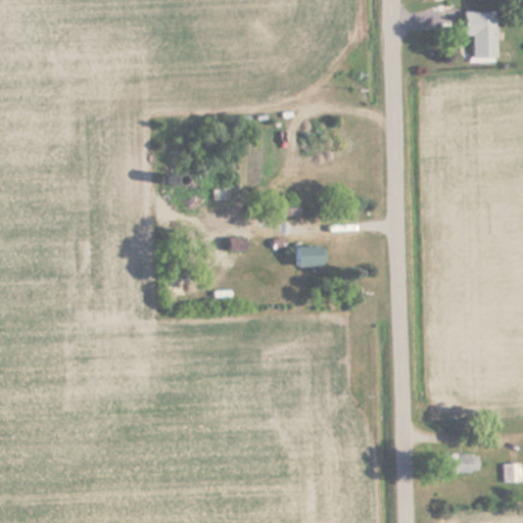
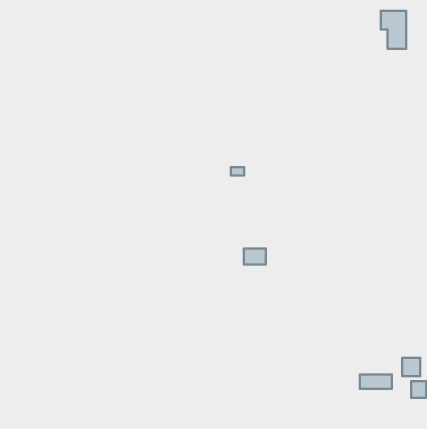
building: [298,246,325,266] -> [244,249,266,265]
building: none -> [402,358,420,376]

